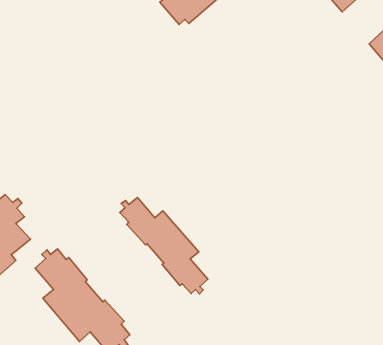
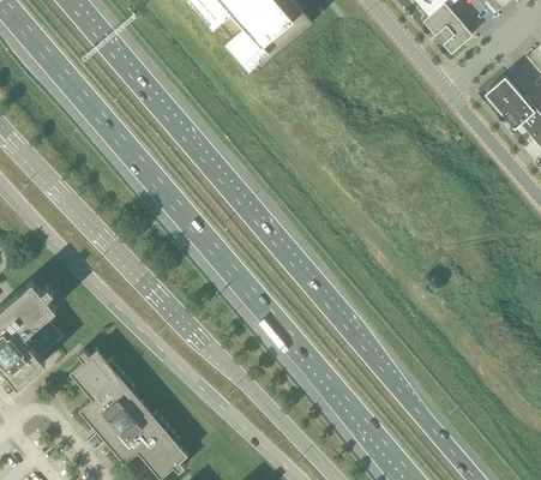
building: [120,198,208,294] -> none

